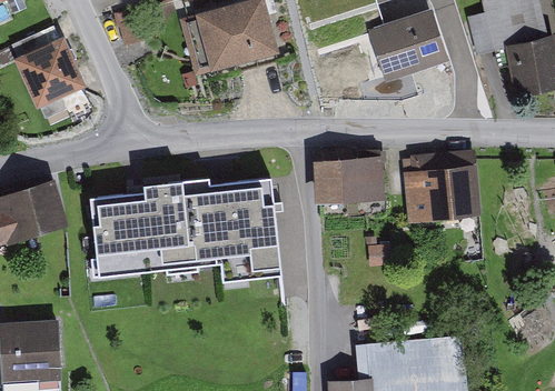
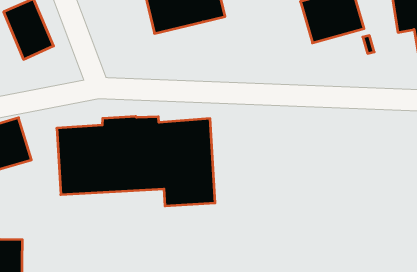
building: [323,161,376,207] -> none
building: [404,161,479,220] -> none

